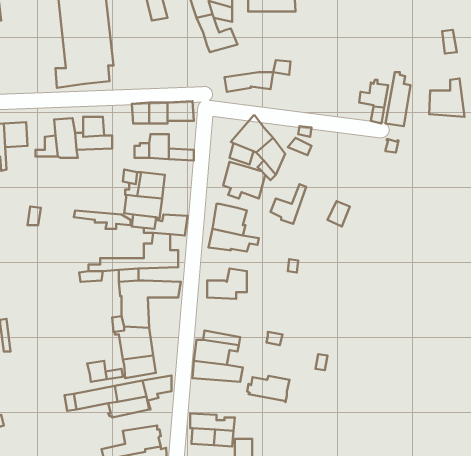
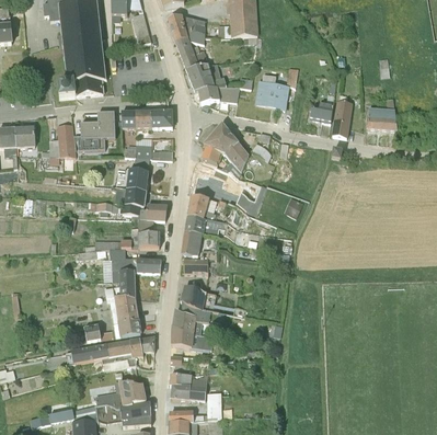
building: none -> [185,62,226,91]
building: none -> [254,67,298,107]
building: none -> [96,113,115,139]
building: none -> [180,232,202,260]
building: [247,376,290,402] -> [180,286,215,308]

